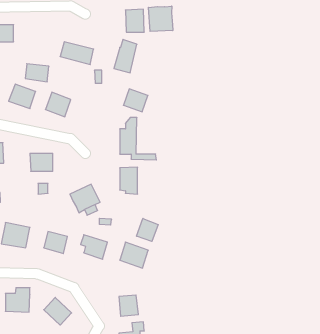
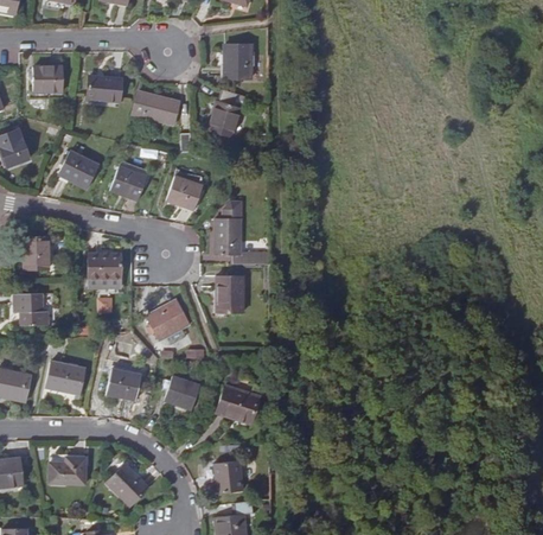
building: [148,6,173,31] -> none
building: [25,64,49,82] -> [87,76,121,102]
building: [123,89,148,112] -> [166,177,202,210]
building: [137,218,158,241] -> none

